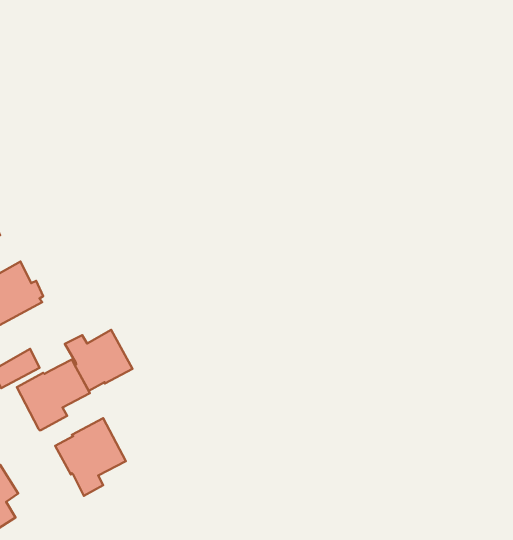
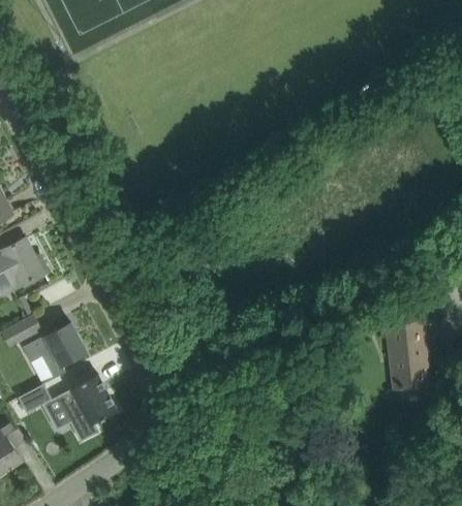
building: [65,330,133,391] -> none
building: none -> [389,321,428,388]
building: none -> [17,384,51,413]

